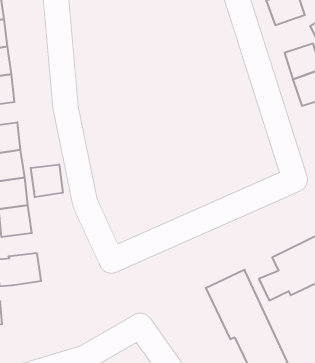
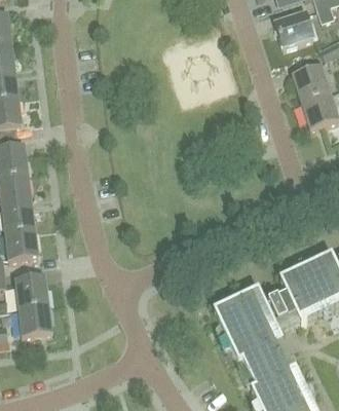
building: [31,164,63,197] -> none
building: none -> [20,305,52,337]

